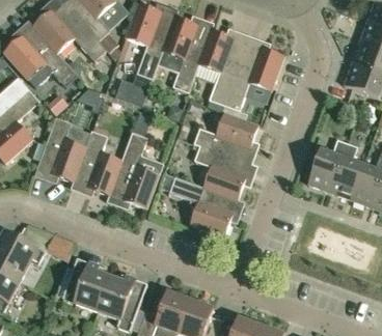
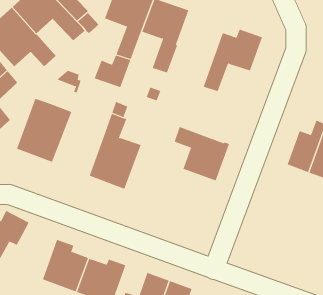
building: [198,28,247,105] -> none
building: [194,112,258,161] -> none
building: [74,130,122,194] -> none
building: [163,172,238,235] -> none

